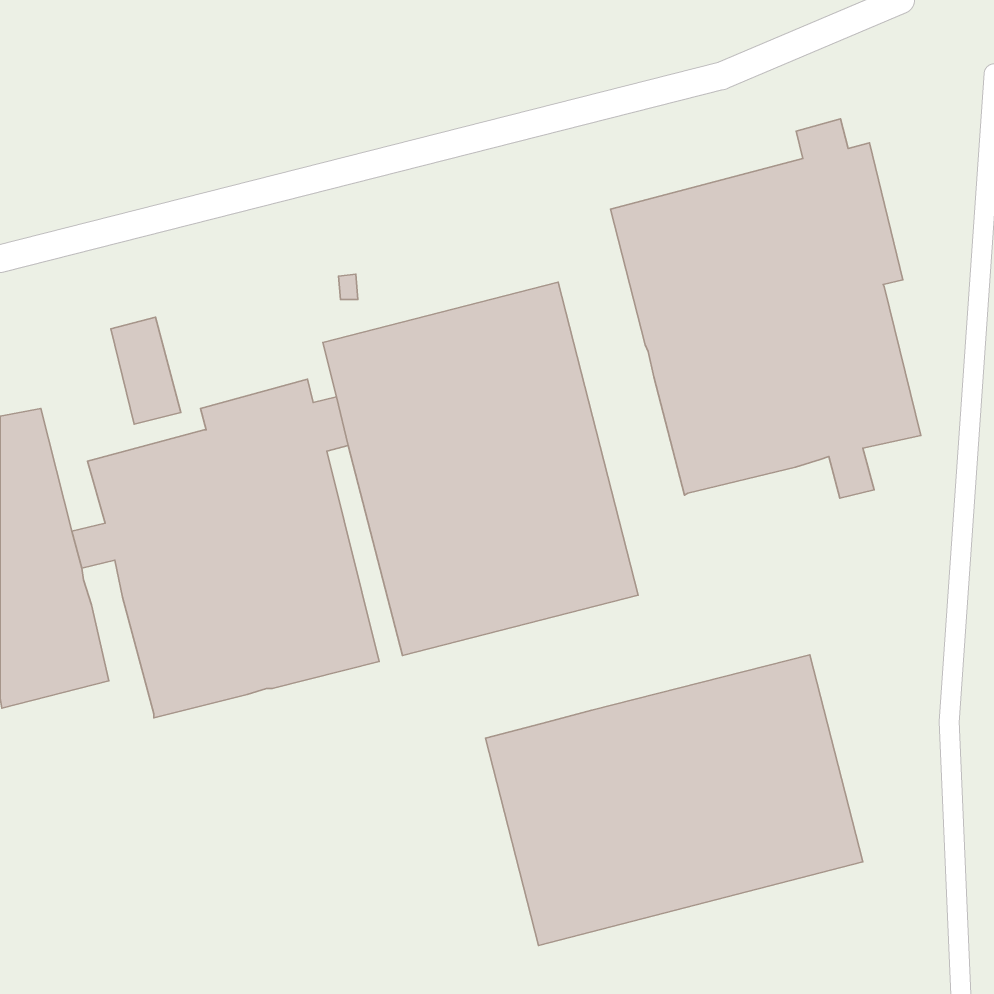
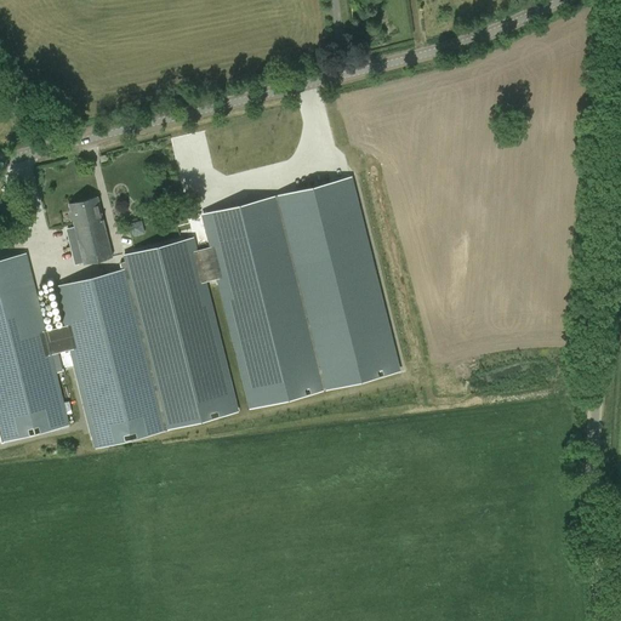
building: [610,119,921,498] -> none
building: [486,655,863,945] -> none

